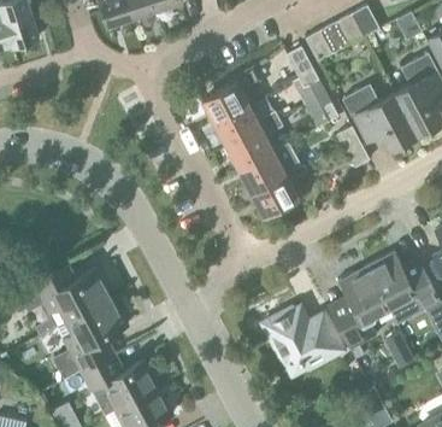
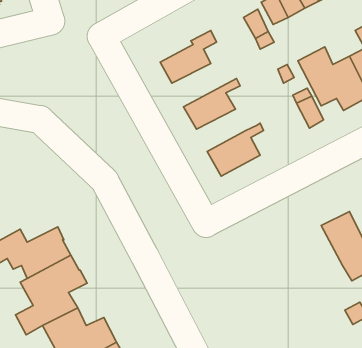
building: [213,100,279,145] -> none
building: [238,141,300,191] -> none
building: [328,267,388,349] -> none
building: [261,308,344,368] -> none

